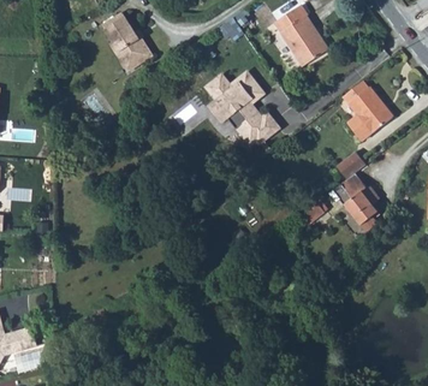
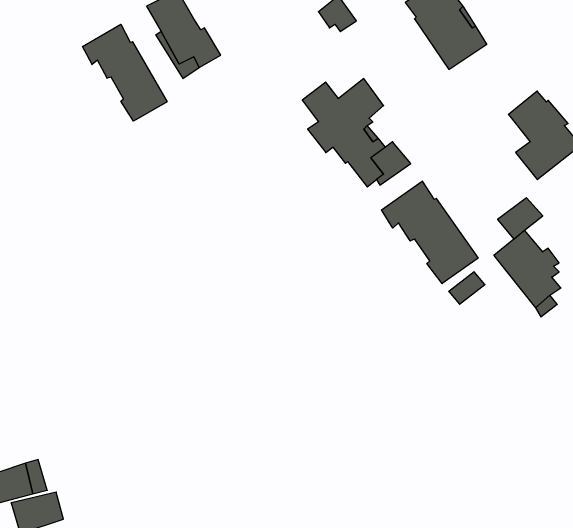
building: none -> [83,24,167,121]
building: none -> [381,181,478,284]

